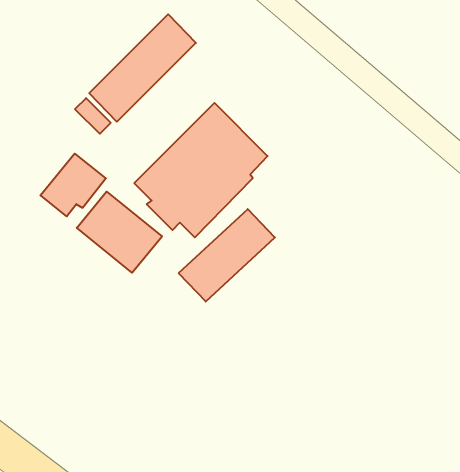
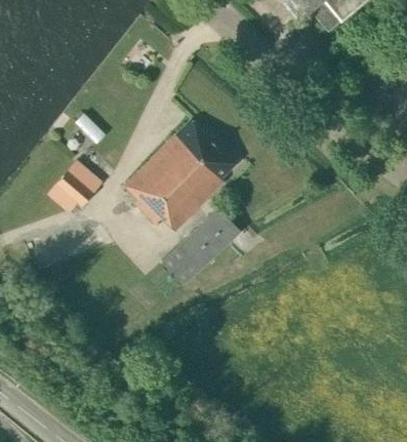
building: [89,14,196,122] -> none
building: [77,192,162,273] -> none

